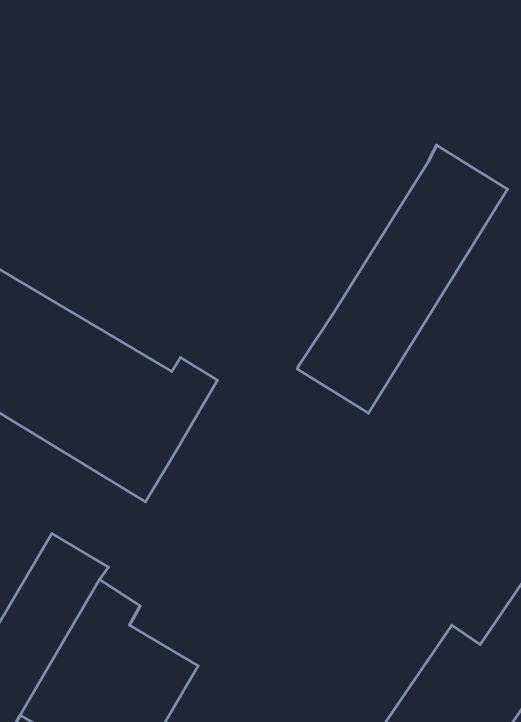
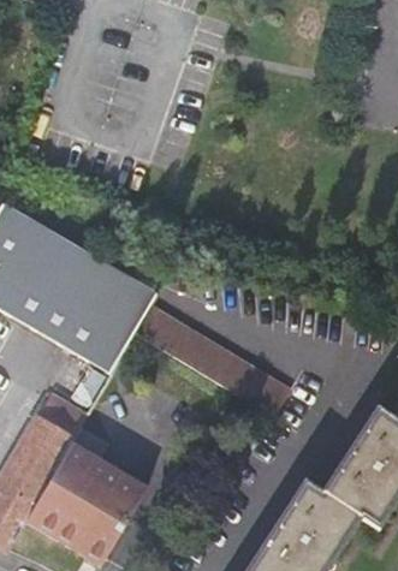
building: [297,145,508,413] -> none
building: none -> [135,305,291,417]

